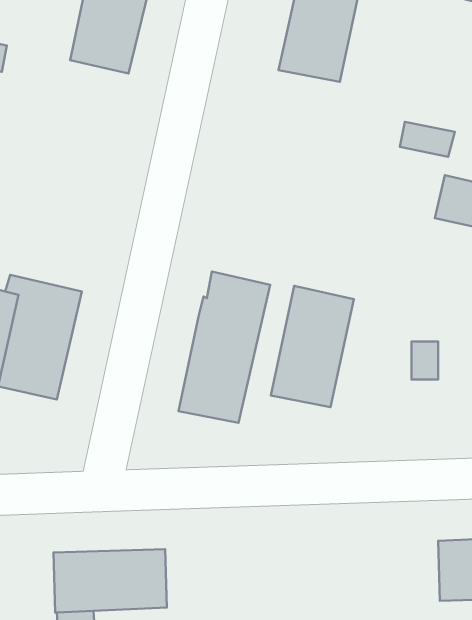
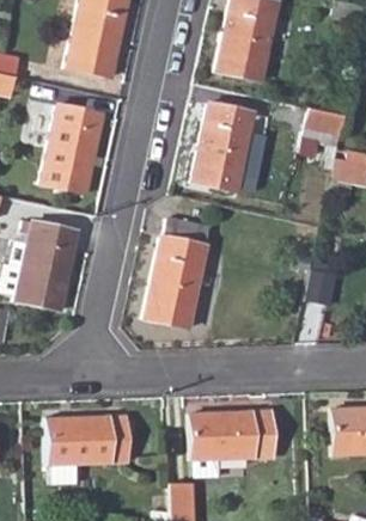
building: none -> [42,102,103,192]
building: [271,286,354,407] -> [195,103,255,190]
building: none -> [190,412,272,459]

